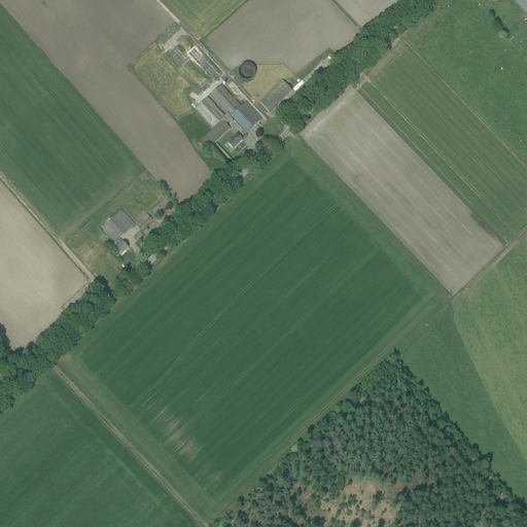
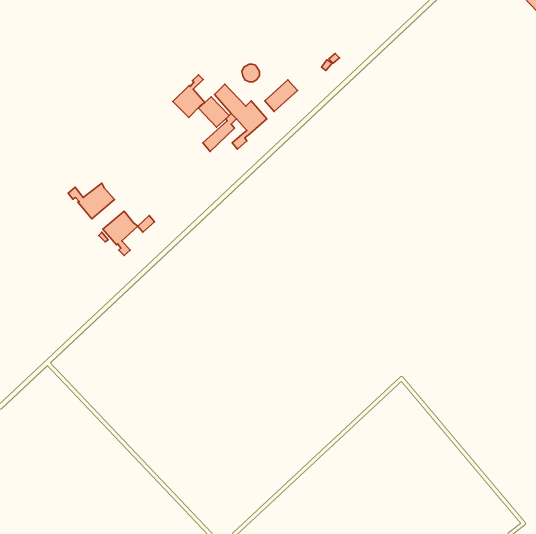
building: none -> [173,75,205,117]
building: none -> [68,183,115,219]

